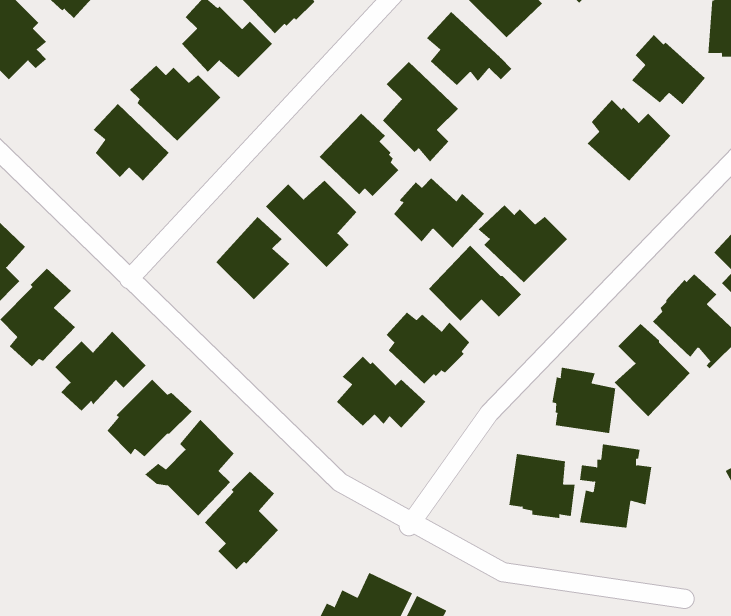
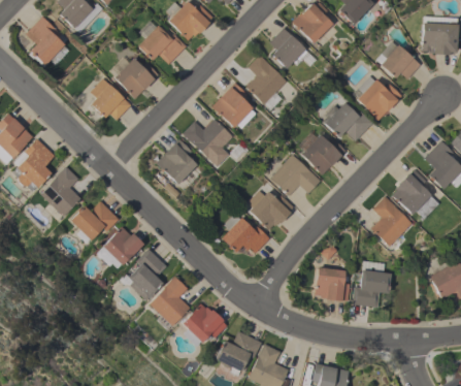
building: [393,178,485,248] -> [324,102,373,140]
building: [552,367,616,434] -> none
building: none -> [183,302,228,346]

